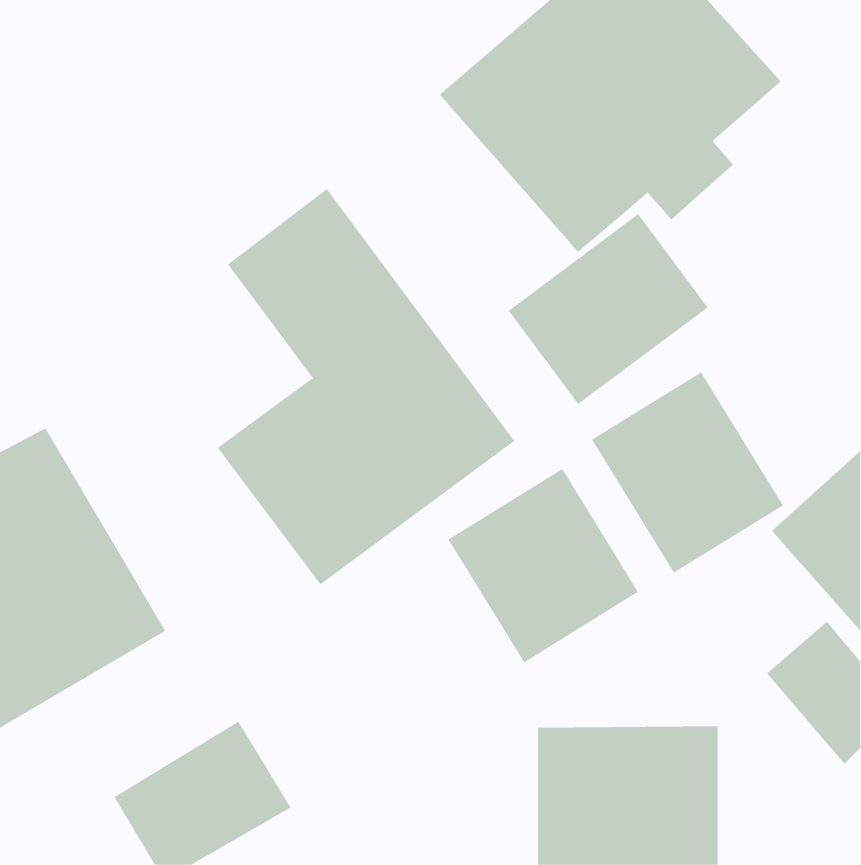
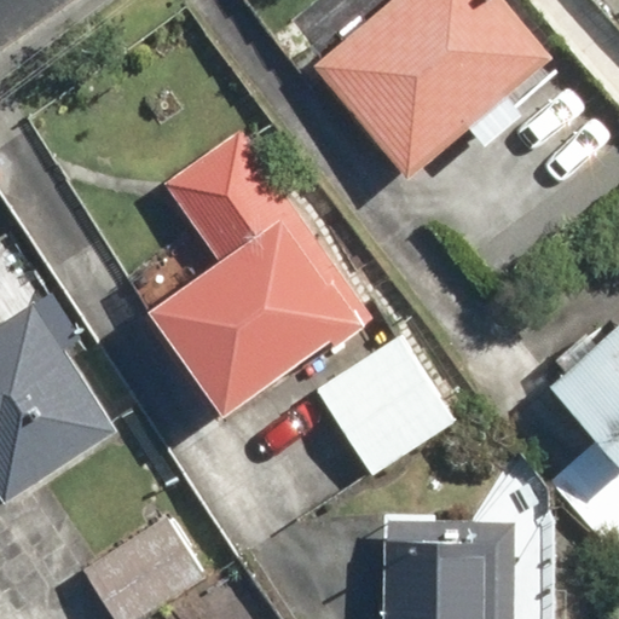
building: [508,213,708,405] -> none
building: [591,372,784,574] -> none

